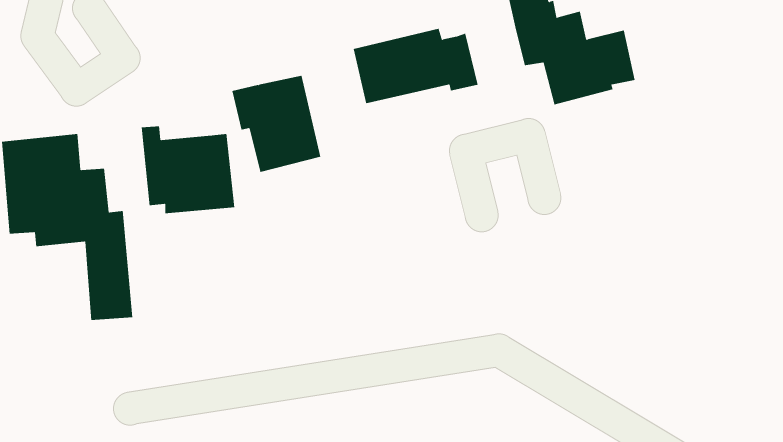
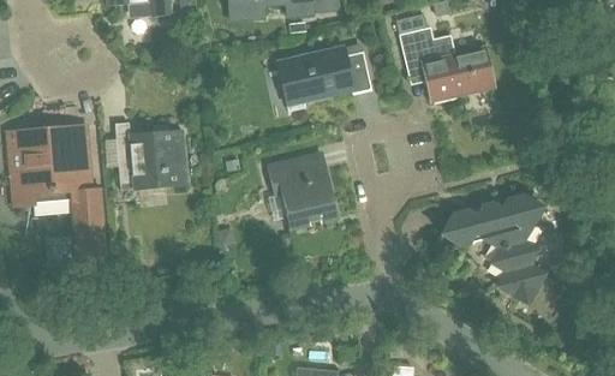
building: [232,75,321,173] -> [269,153,338,227]
building: none -> [441,195,545,304]

